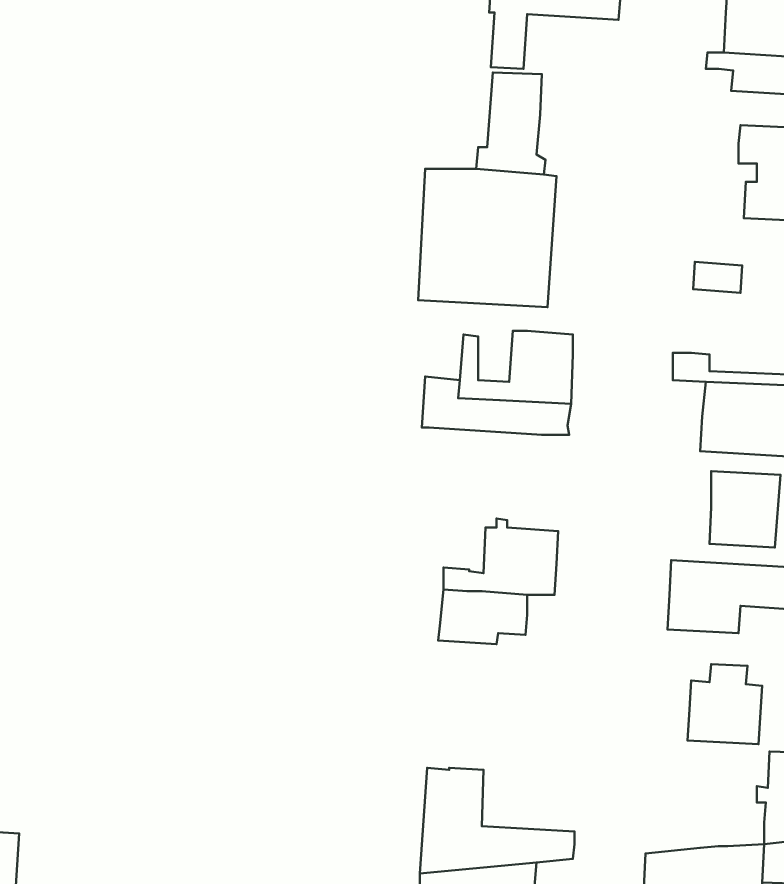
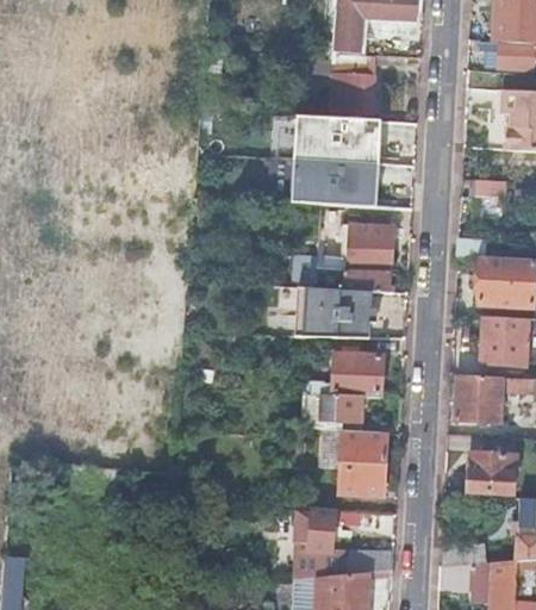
building: none -> [294,287,376,338]
building: none -> [338,429,388,497]

